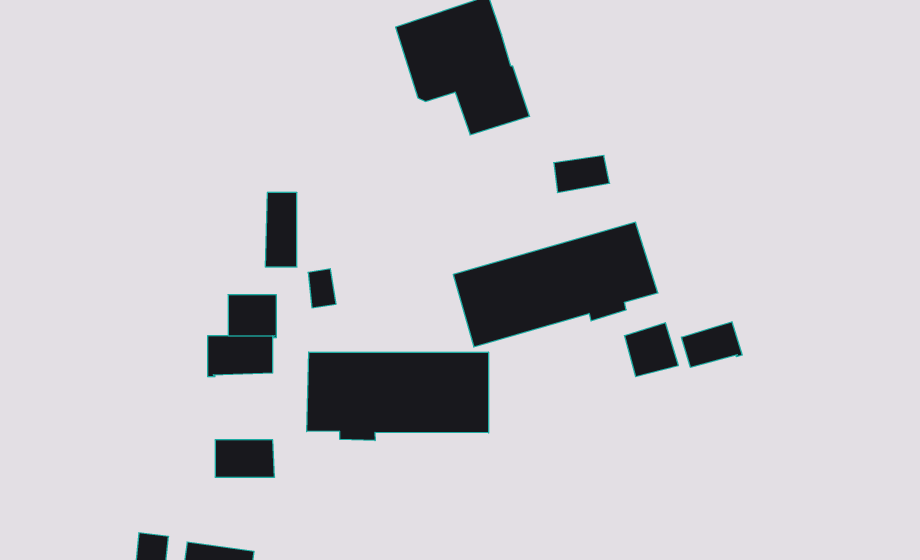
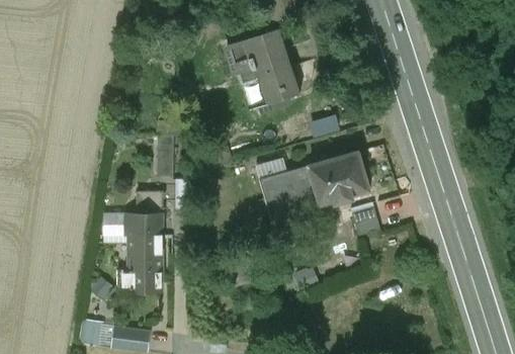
building: [681,322,742,367] -> none
building: [307,352,489,441] -> none
building: none -> [127,234,161,270]

